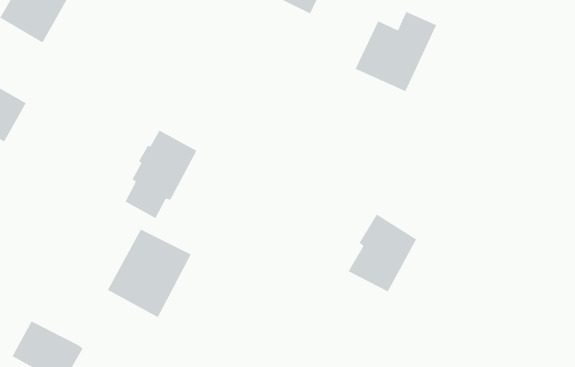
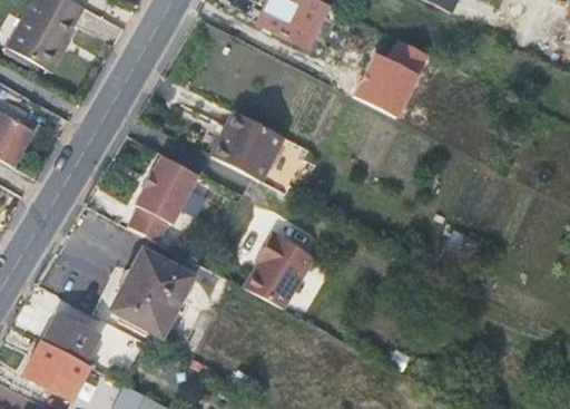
building: none -> [210,107,286,181]
building: [347,213,417,293] -> [245,230,312,305]
building: none -> [42,306,101,360]

